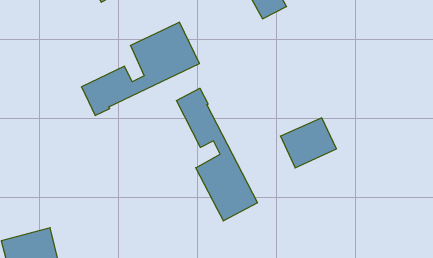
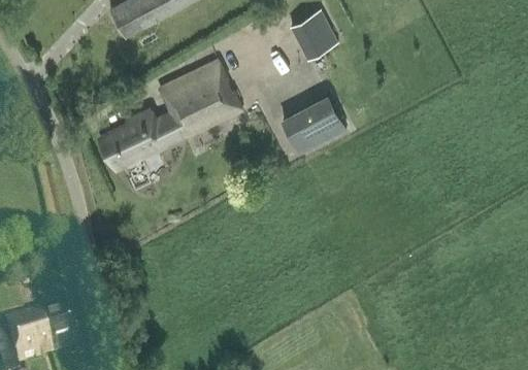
building: [176,88,257,221] -> none
building: [280,118,336,168] -> [291,91,358,150]

